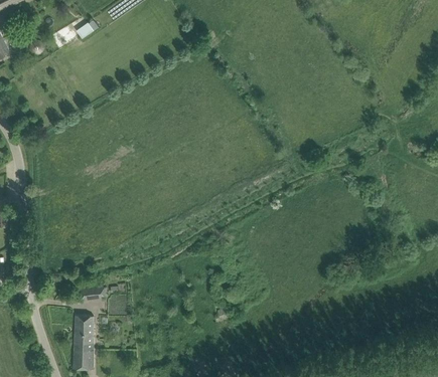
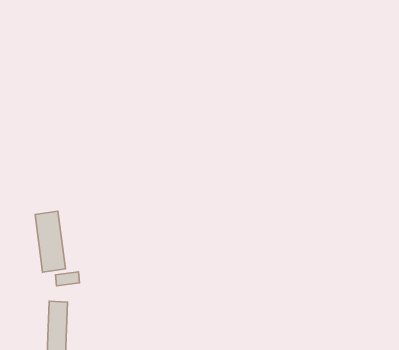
building: none -> [35,211,65,272]

